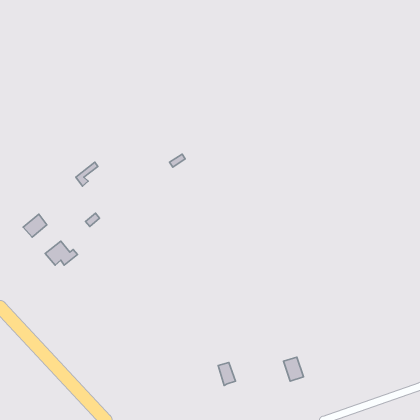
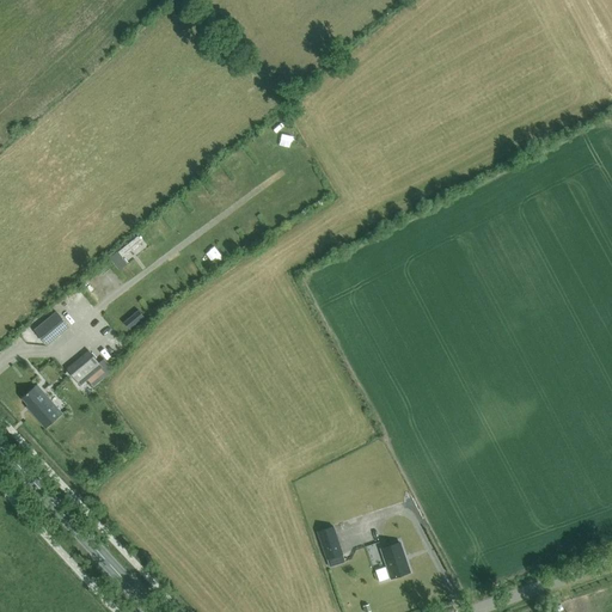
building: none -> [23,384,54,417]
building: [284,357,303,381] -> [381,543,410,577]

